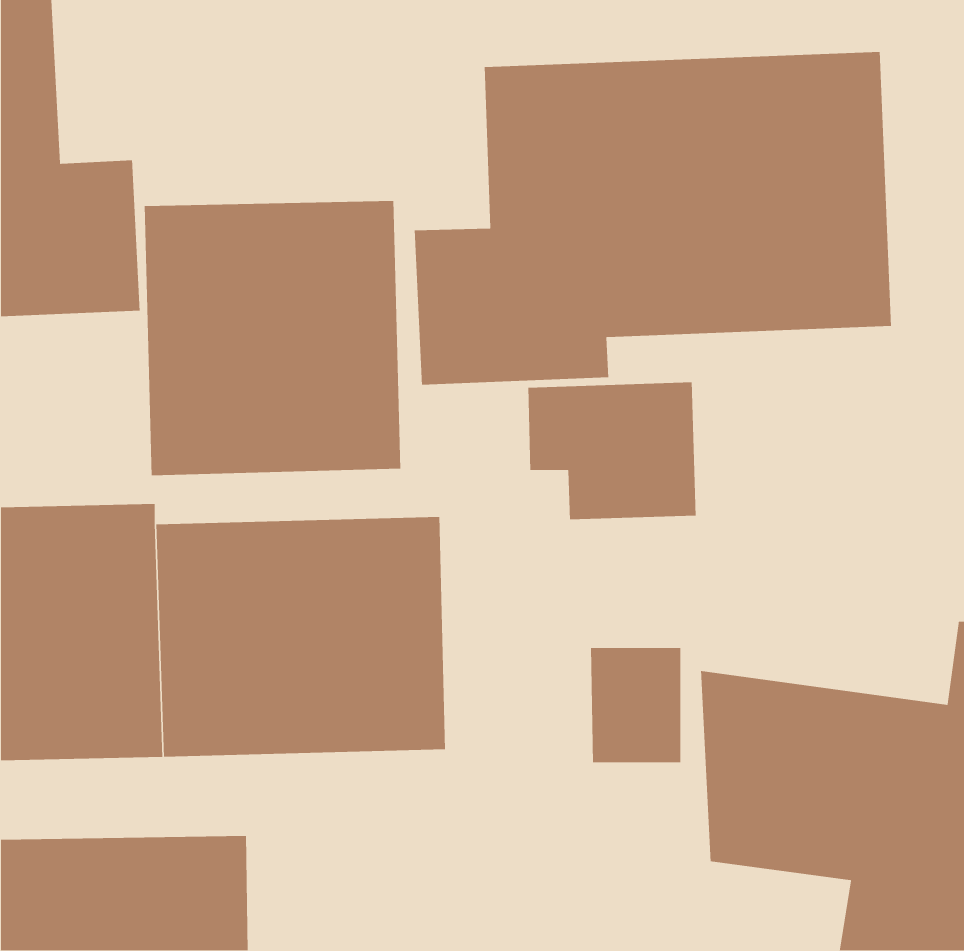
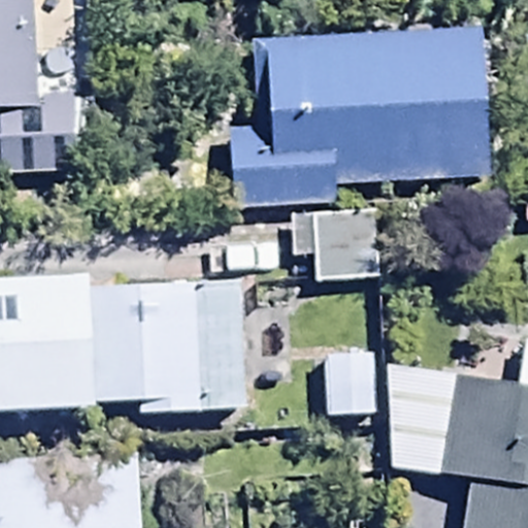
building: [144,200,401,476] -> none

